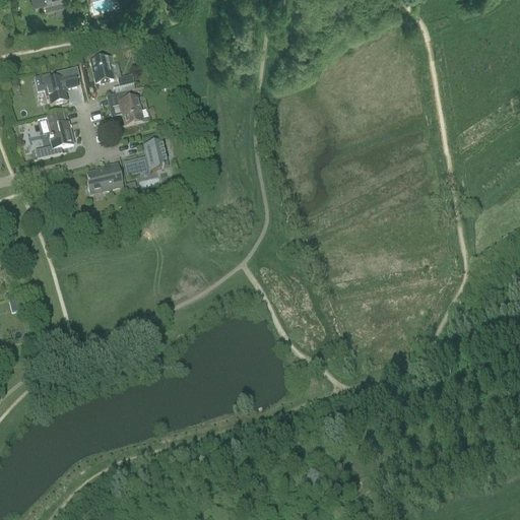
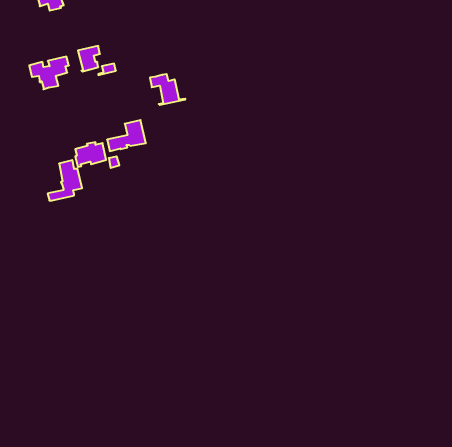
building: [109,88,149,124] -> [150,74,185,105]
building: [34,110,73,156] -> [48,160,82,201]

